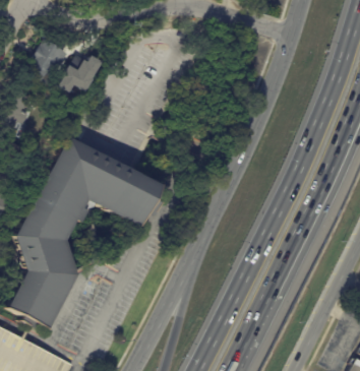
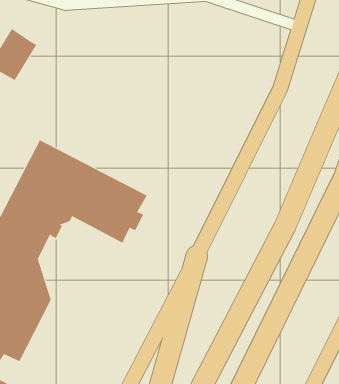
building: [54,53,98,94] -> none

